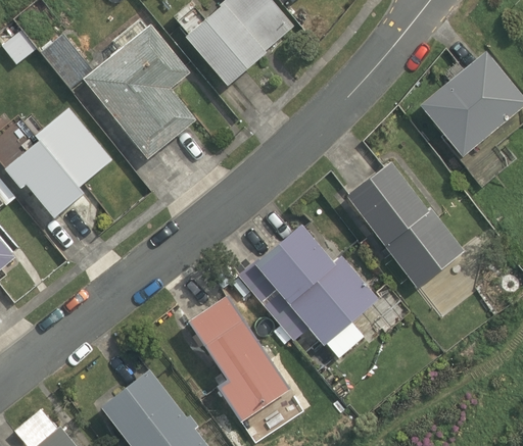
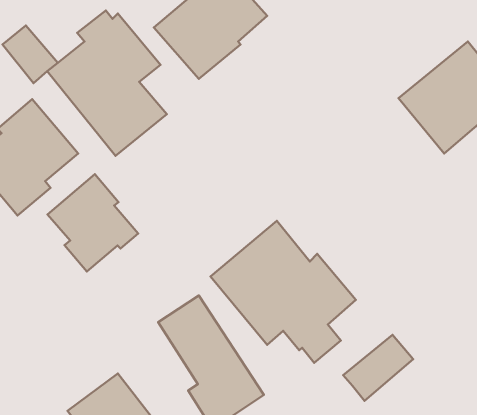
building: [345,160,464,289] -> none
building: none -> [48,174,138,271]
building: none -> [343,335,413,401]

